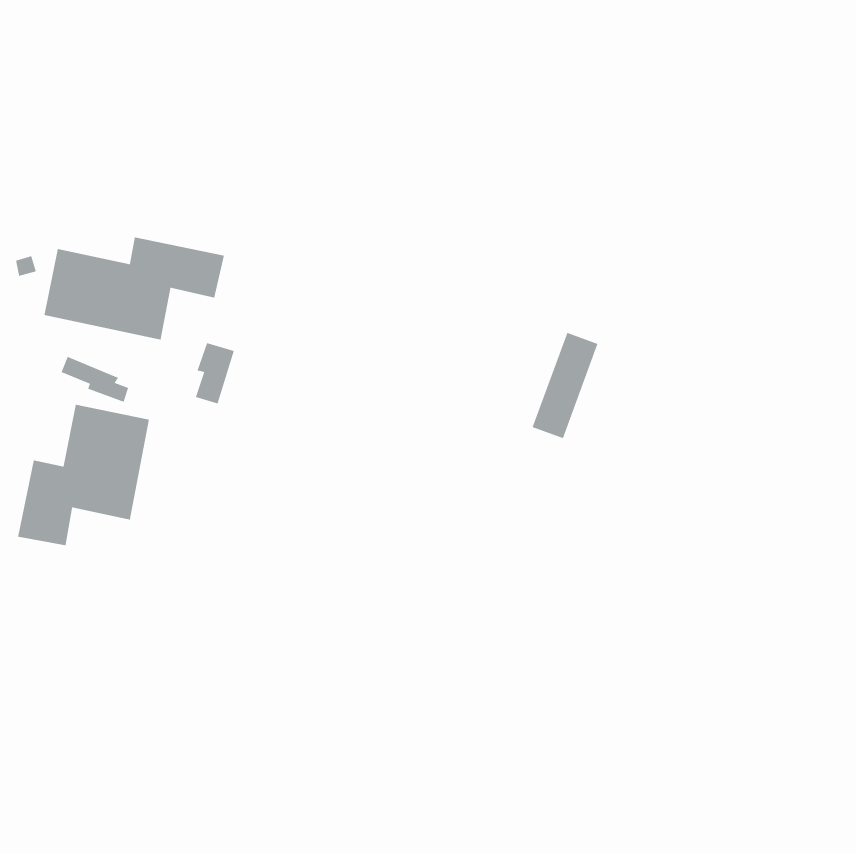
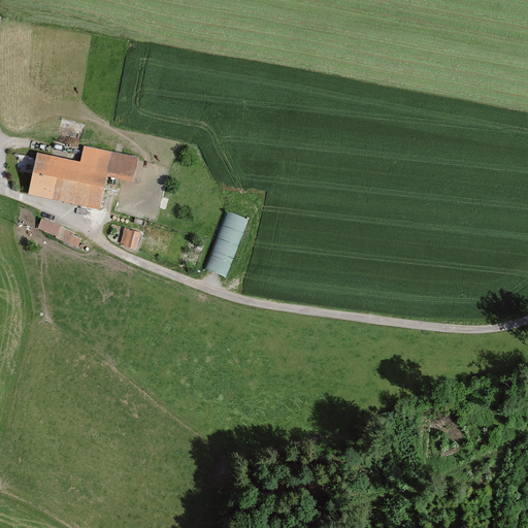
building: [531,332,599,439] -> [207,205,249,271]
building: [17,404,150,546] -> none

